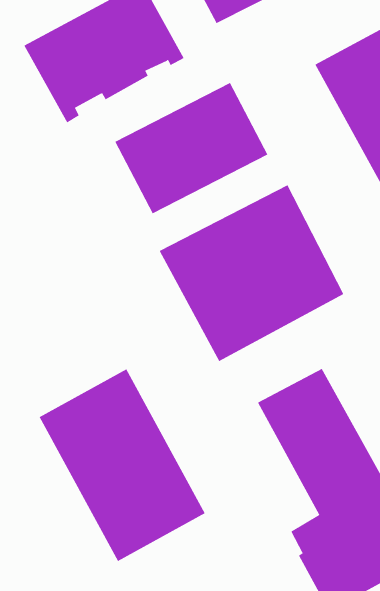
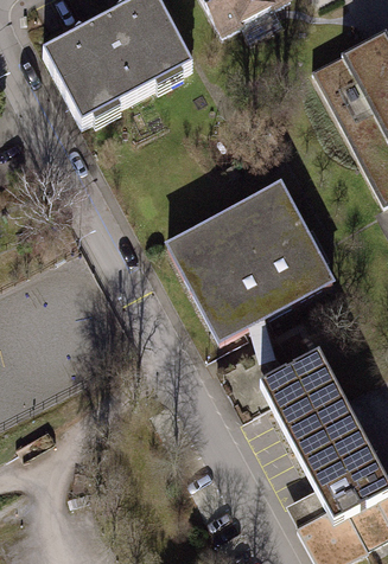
building: [115,82,268,214] -> none
building: [39,369,205,562] -> none

